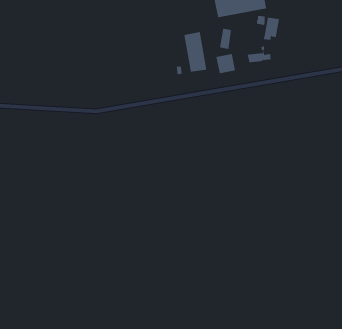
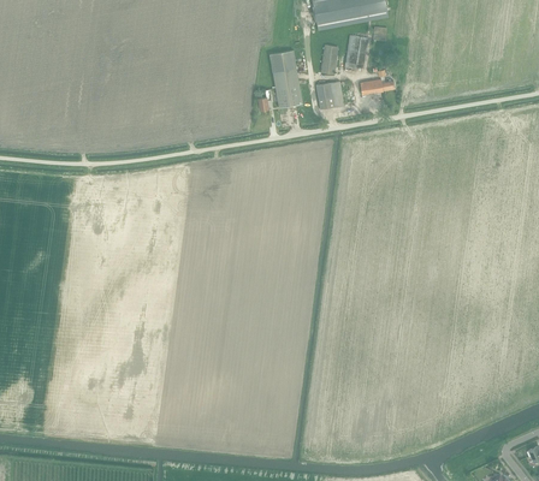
building: [263,17,280,40] -> [343,35,367,67]

